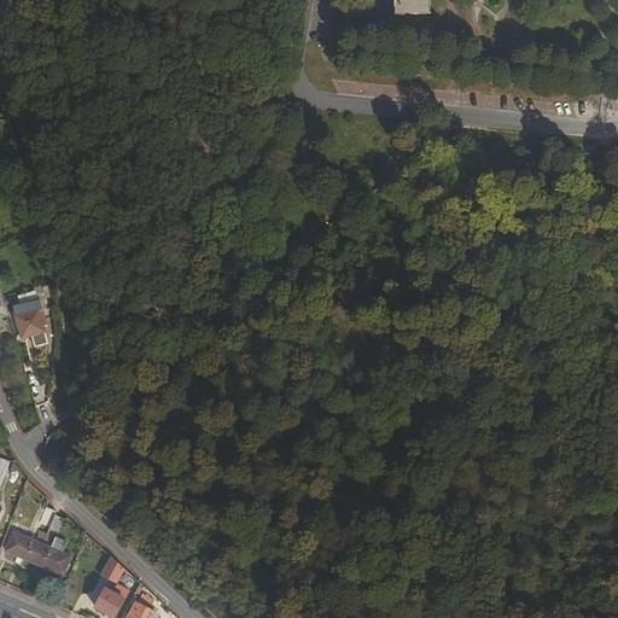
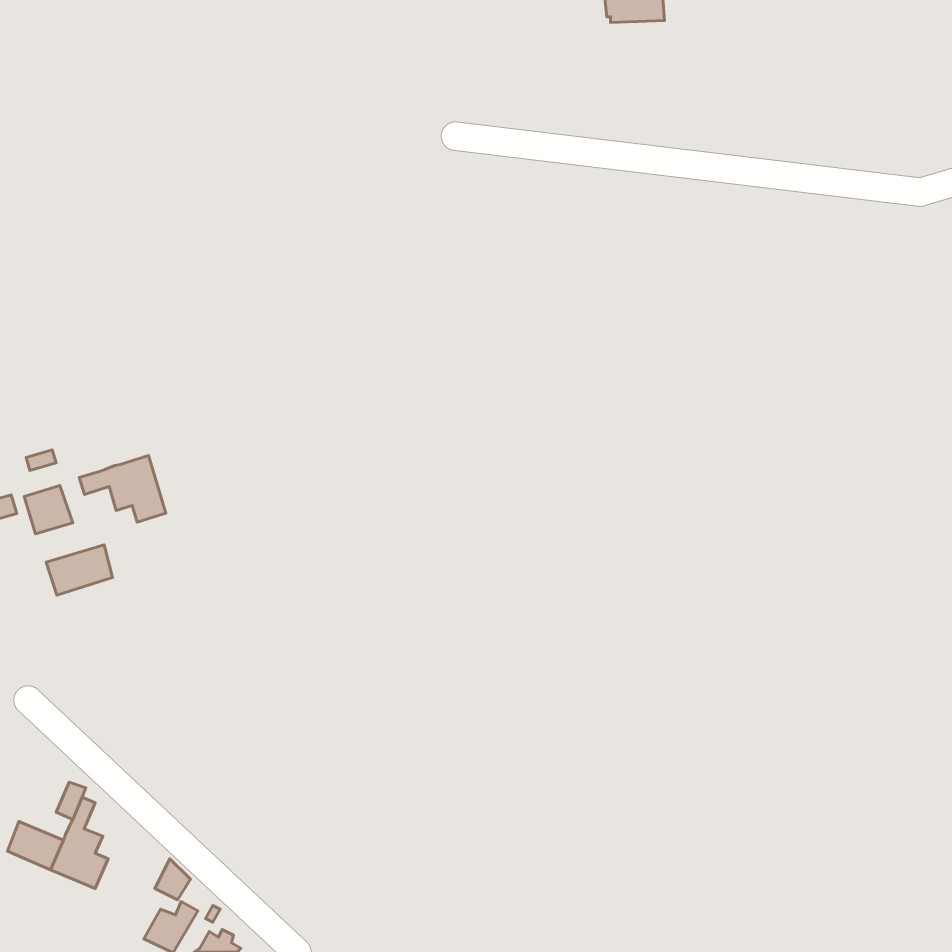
building: none -> [79,455,166,522]
building: none -> [46,545,113,595]

